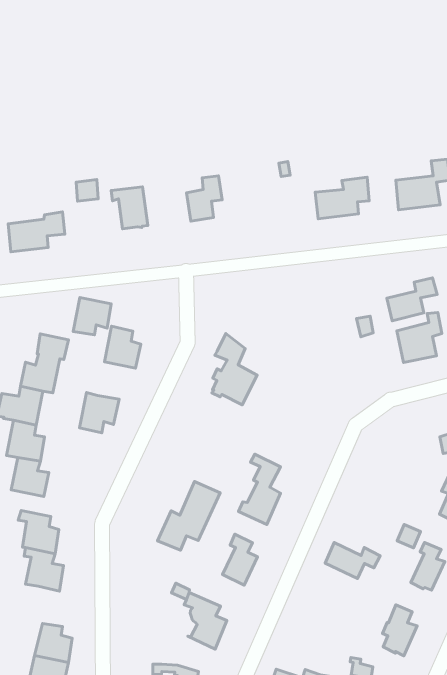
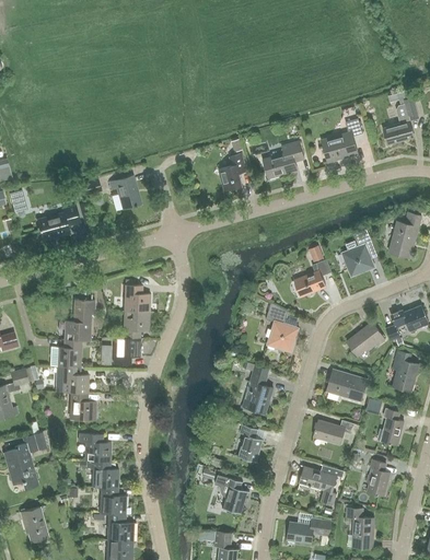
building: [187,176,222,221] -> [219,154,246,191]
building: [387,278,437,321] -> [294,260,332,298]
building: [73,297,111,335] -> [124,312,149,338]
building: [212,334,257,405] -> [265,302,299,353]
building: none -> [347,323,385,357]
building: none -> [327,370,367,400]
building: [157,481,220,550] -> none
building: none -> [100,488,126,515]
building: none -> [300,465,344,505]

